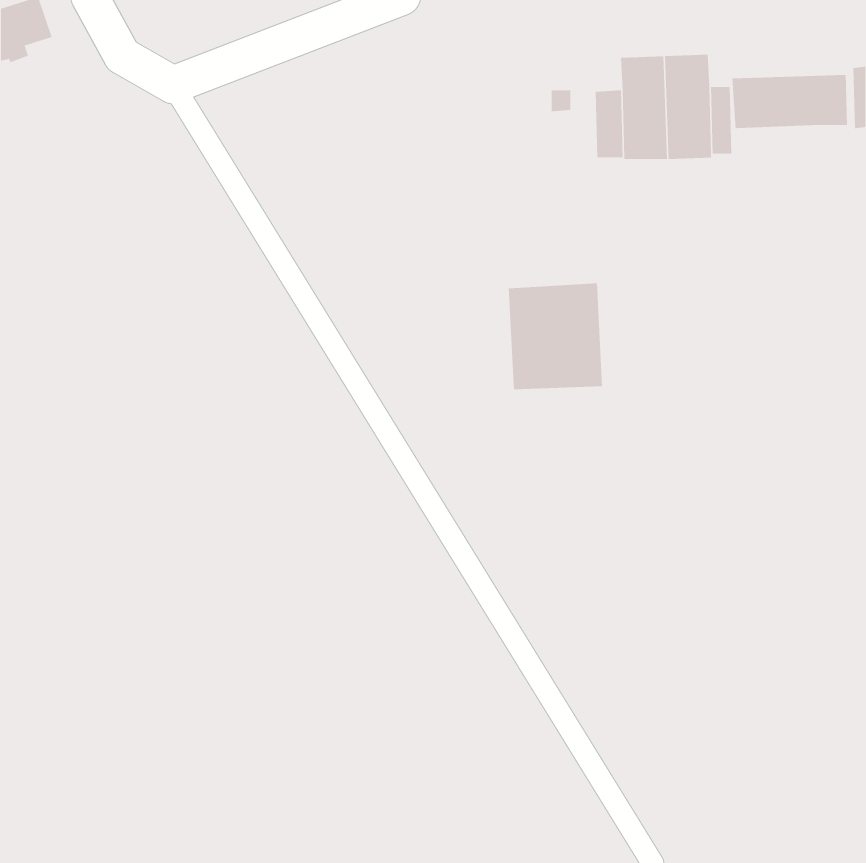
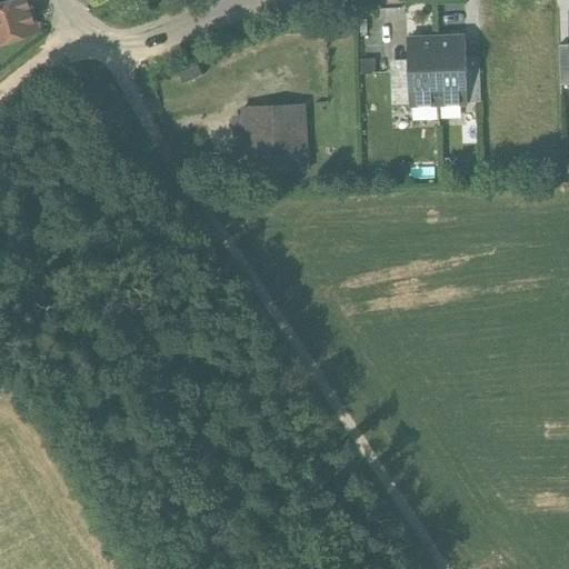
building: [732,74,848,129] -> none
building: [508,283,603,390] -> [243,103,306,173]

